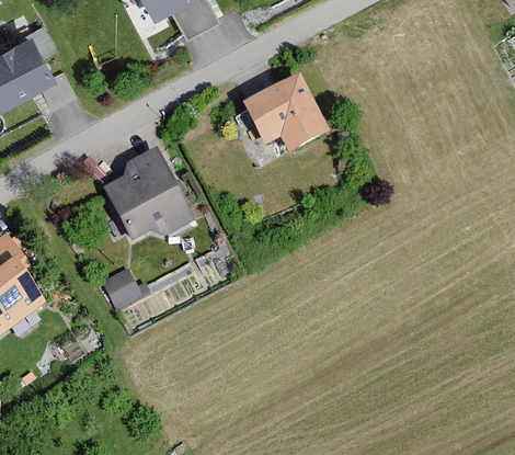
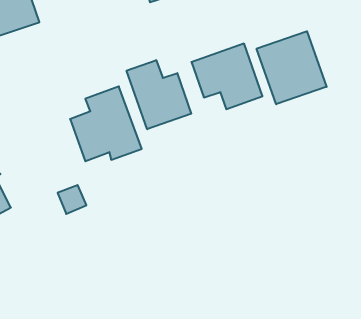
building: none -> [257,31,327,104]
building: none -> [127,60,191,129]

